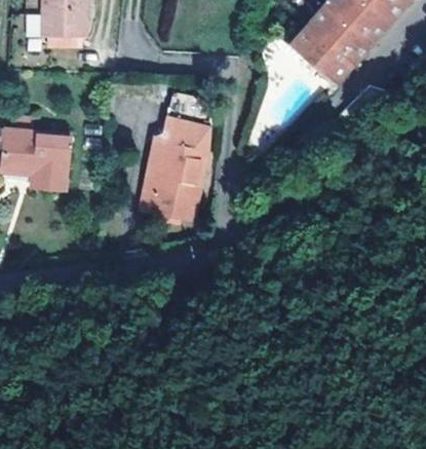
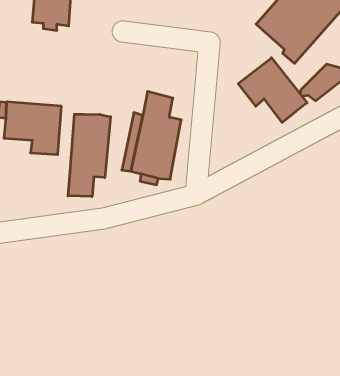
building: none -> [238,58,307,122]
building: none -> [68,114,111,197]

